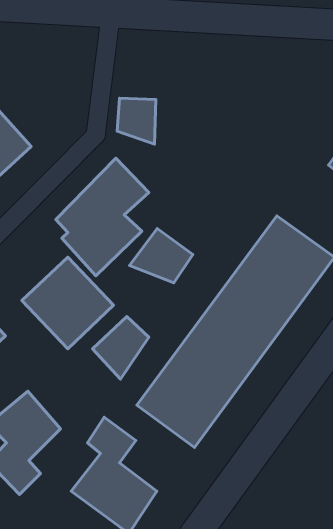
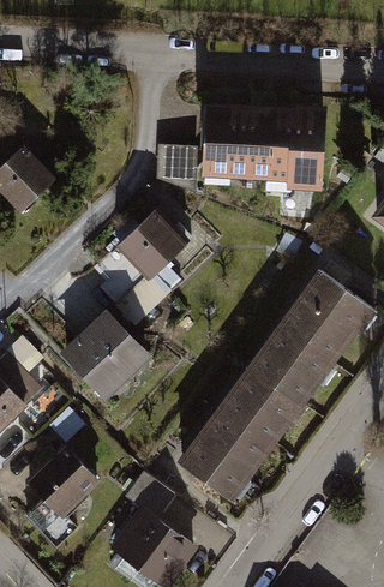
building: none -> [200,98,326,188]
building: [130,228,193,283] -> none
building: [93,316,149,379] -> none

